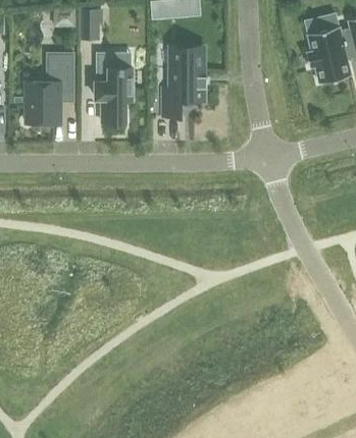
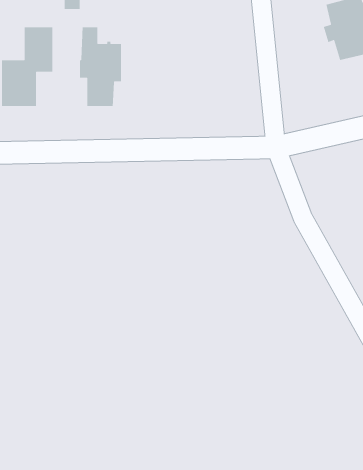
building: [162,49,205,117] -> none

